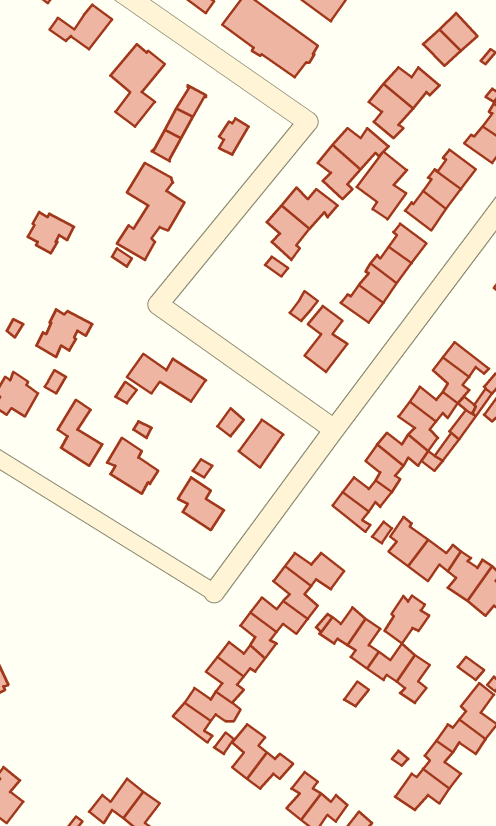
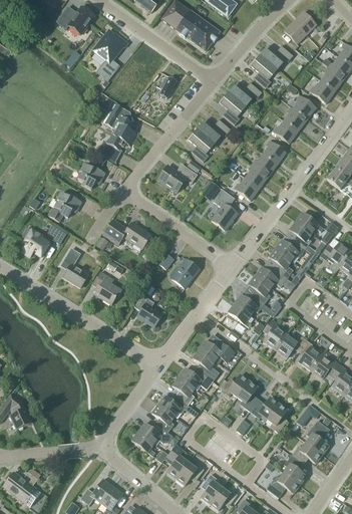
building: [357,151,407,219] -> none
building: [28,212,74,253] -> [77,163,105,188]
building: none -> [159,165,198,191]
building: [385,596,429,644] -> none

